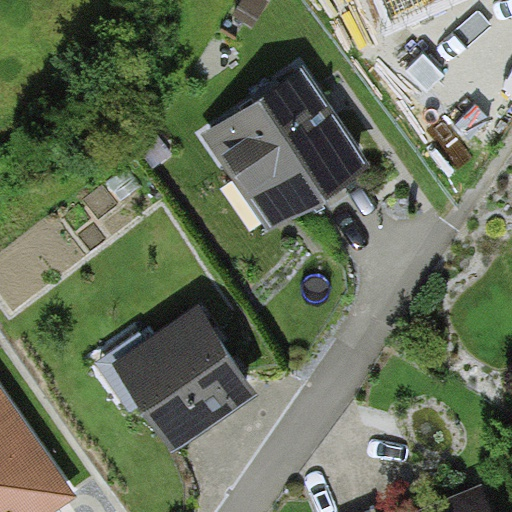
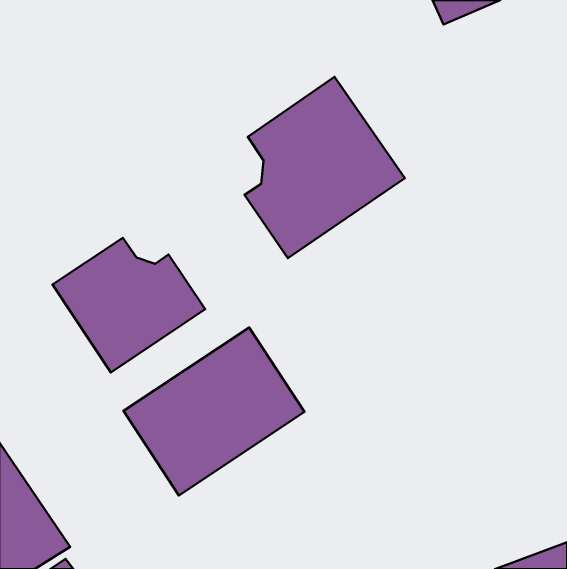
building: none -> [52,238,205,373]

